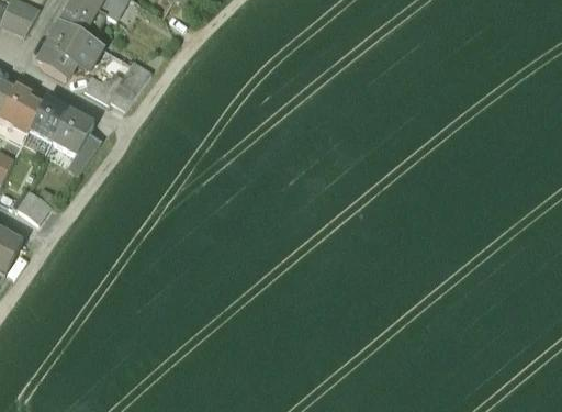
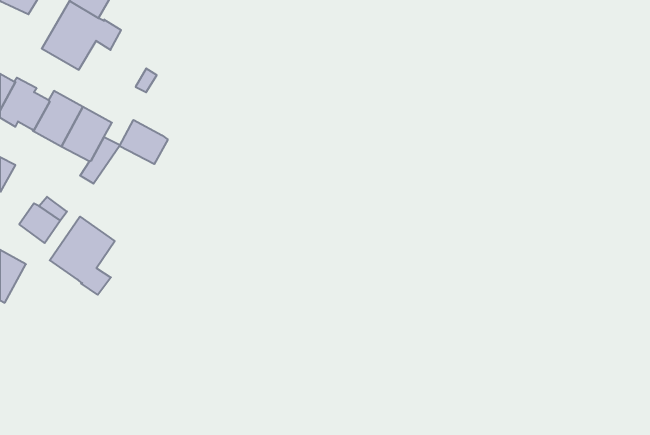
building: none -> [119,120,168,164]
building: none -> [50,217,115,295]

